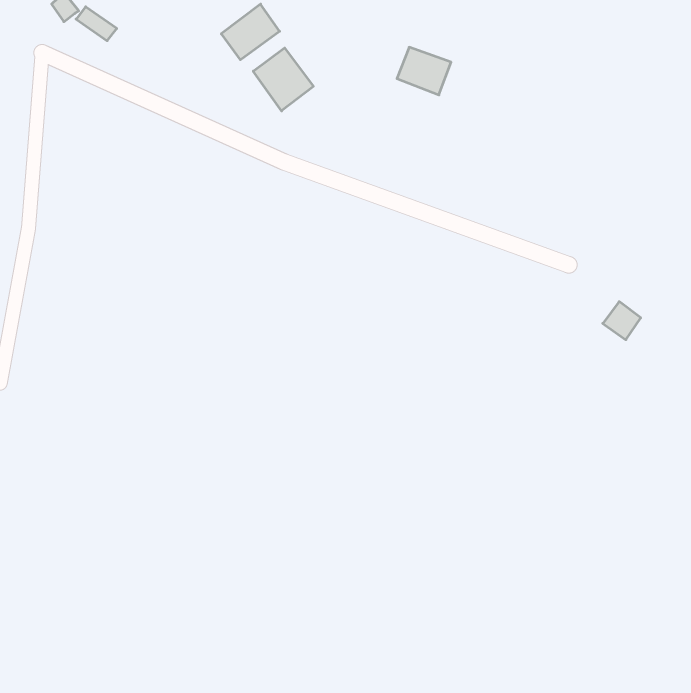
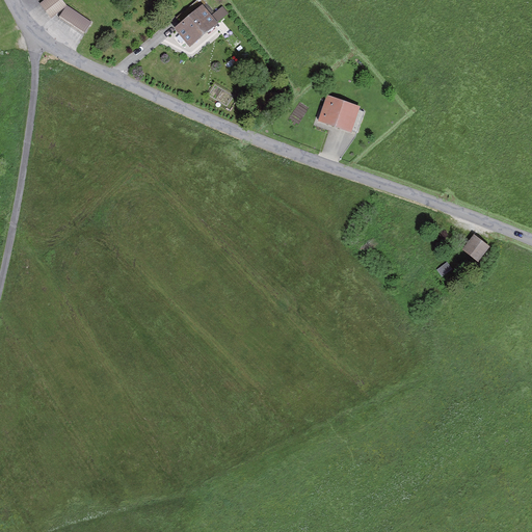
building: [397,47,451,95] -> [317,98,358,134]
building: [253,48,313,111] -> none

